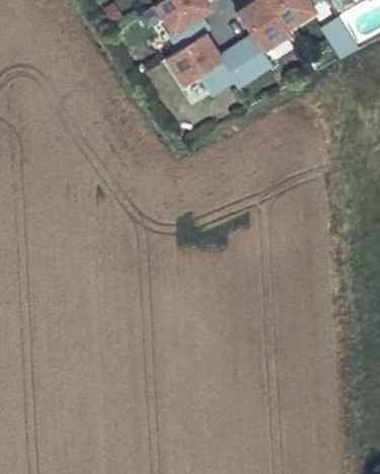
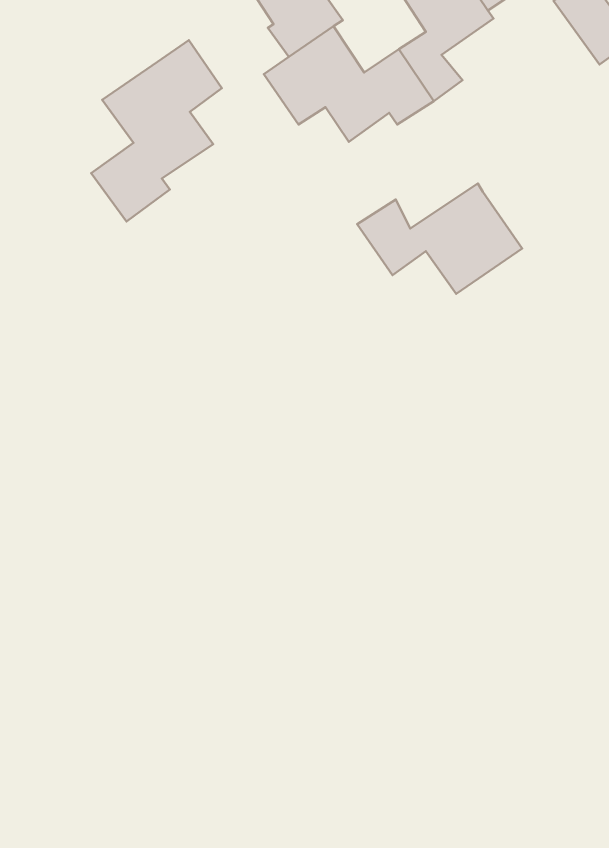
building: none -> [91,40,222,221]
building: none -> [357,184,522,294]

